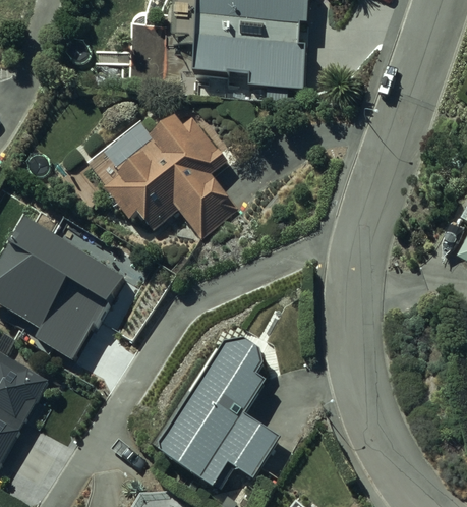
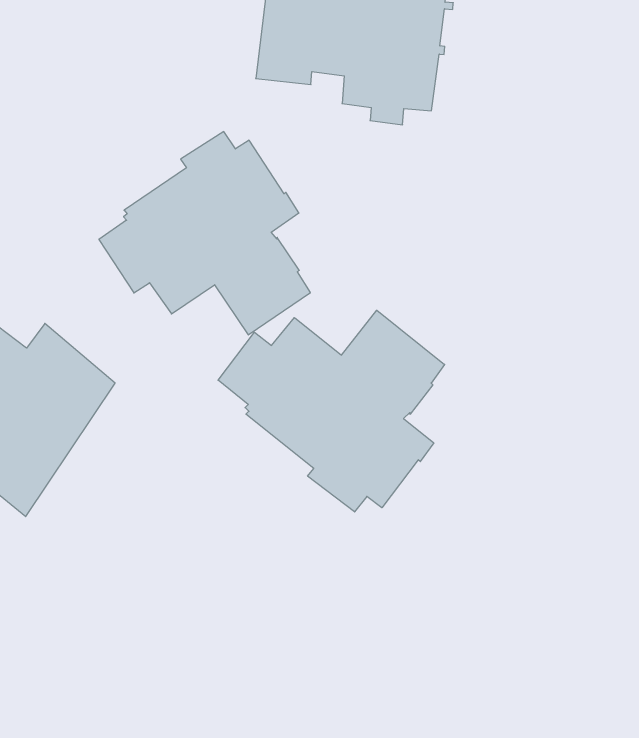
building: none -> [218,310,445,512]
building: [159,334,279,485] -> none

